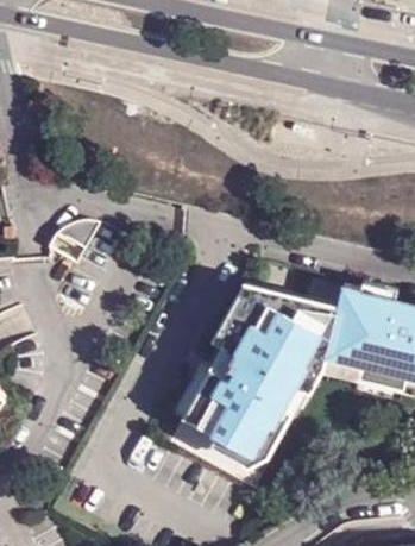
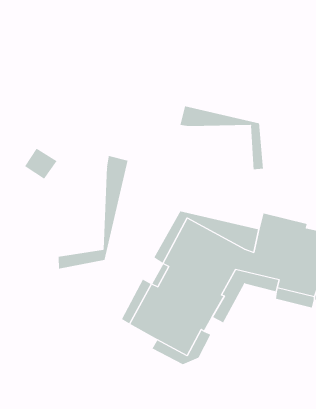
building: none -> [180,105,263,170]
building: none -> [58,155,128,270]

